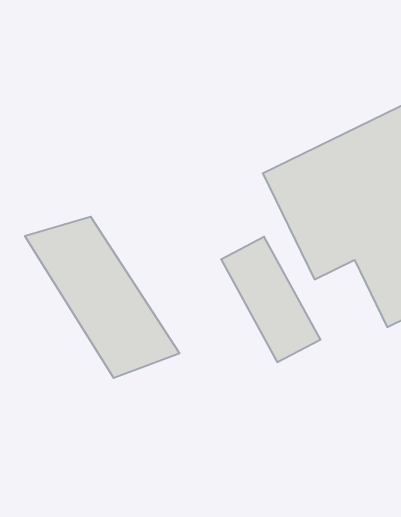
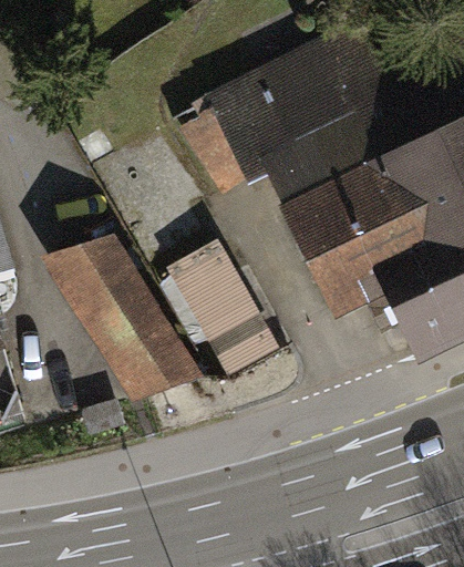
building: none -> [184,42,354,176]
building: [221,237,321,362] -> [169,245,271,373]

